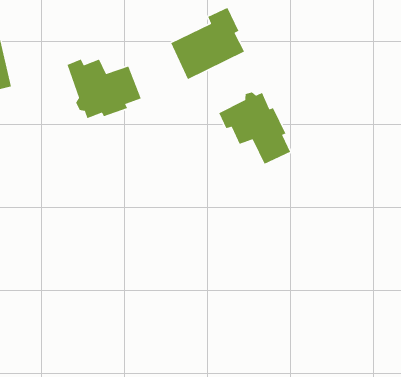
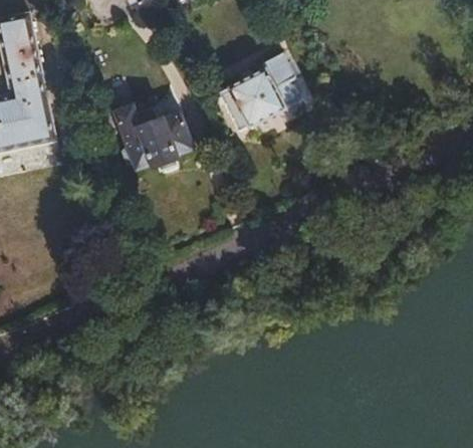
building: [218,91,291,165] -> none

